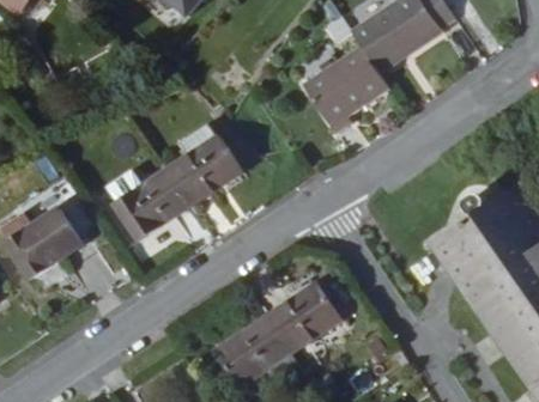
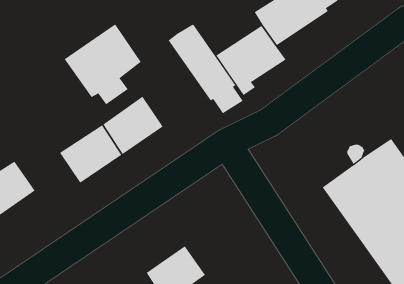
building: none -> [168,23,244,114]
building: none -> [64,24,142,105]
building: [266,281,341,352] -> none

